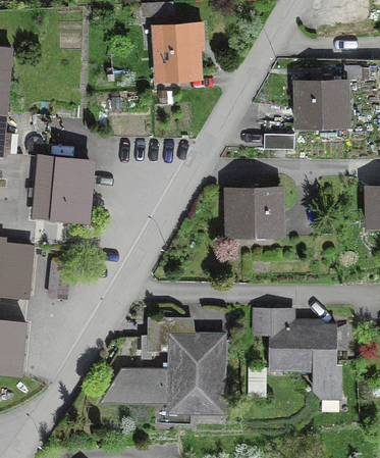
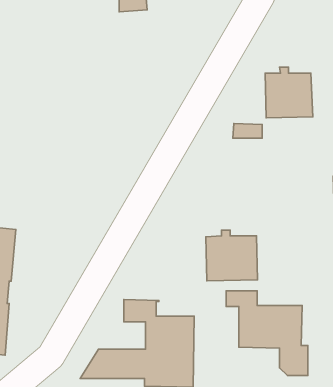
building: [154,26,202,78] -> none
building: [34,155,90,221] -> none
building: [226,185,280,238] -> [206,230,258,281]

